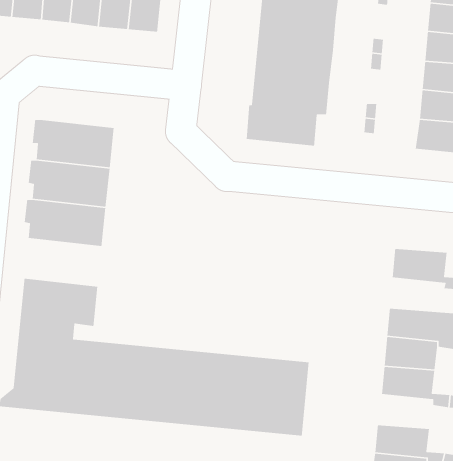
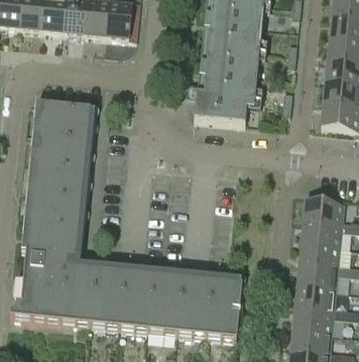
building: none -> [25,193,87,228]
building: none -> [301,222,342,247]
building: none -> [291,309,333,334]

